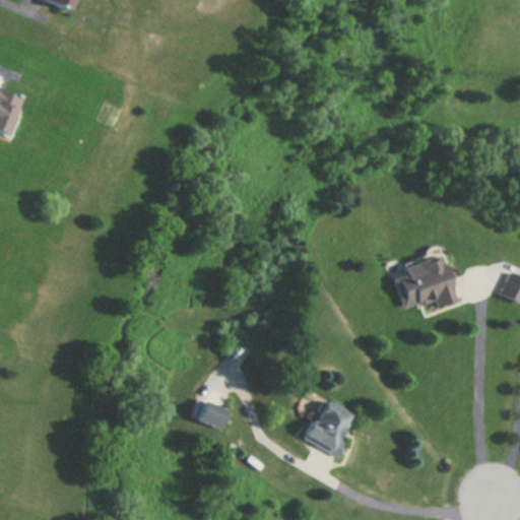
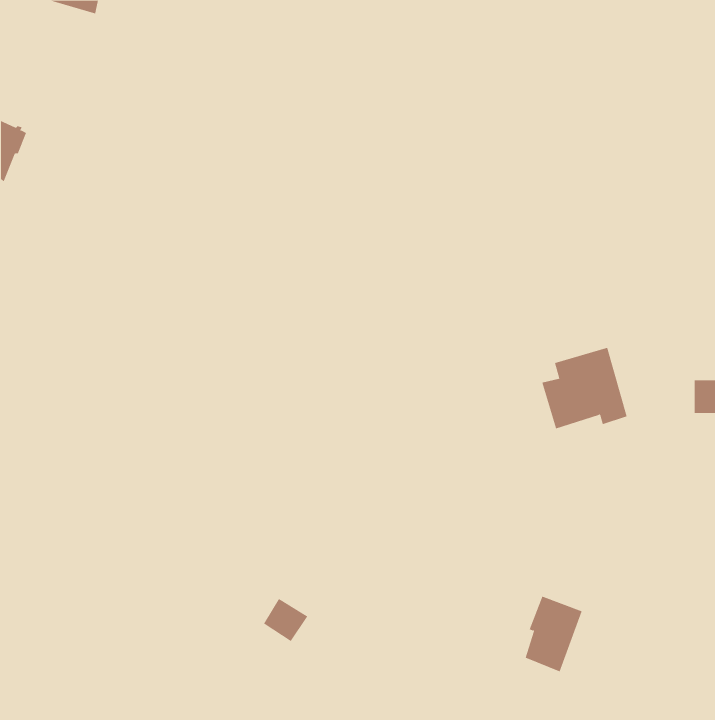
building: [197,399,230,431] -> [263,598,308,642]
building: [313,401,354,456] -> [525,596,583,672]

